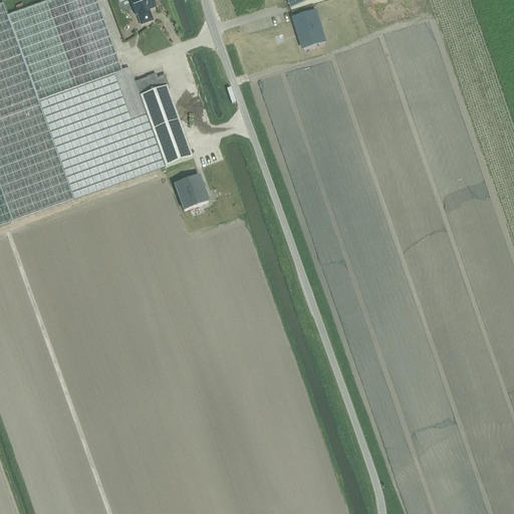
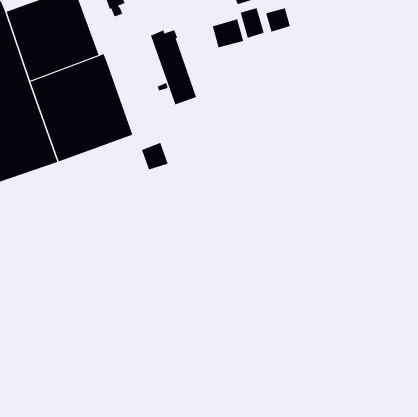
building: none -> [266,8,290,32]
building: none -> [212,18,244,48]
building: [133,72,190,165] -> [150,30,197,105]

